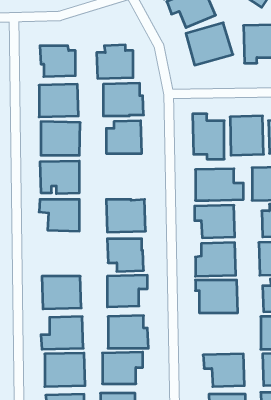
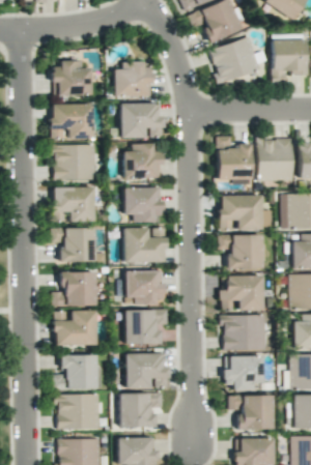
building: none -> [124,187,163,223]
building: none -> [53,271,96,306]
building: none -> [225,356,264,390]

